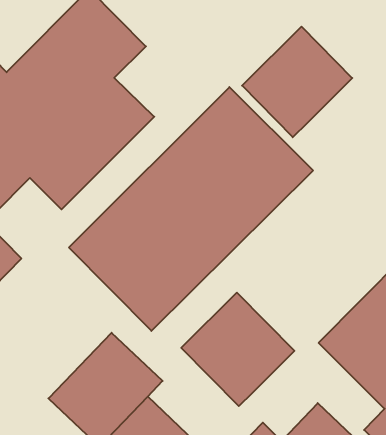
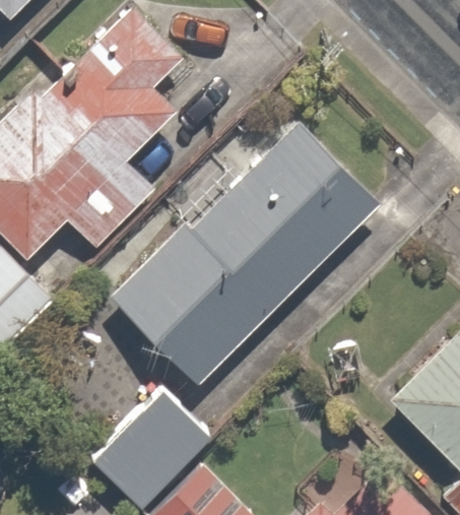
building: [242,27,352,137] -> none
building: [181,293,294,406] -> none

